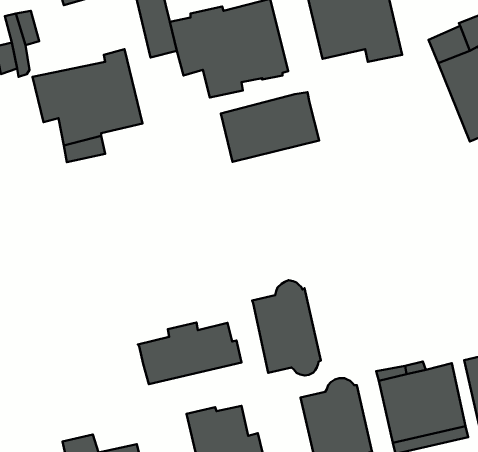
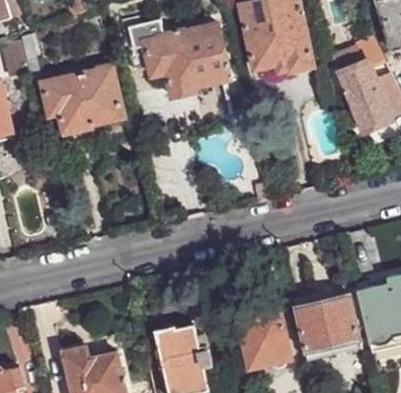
building: [221,92,319,162] -> none
building: [252,280,321,375] -> none
building: [138,323,242,384] -> none

